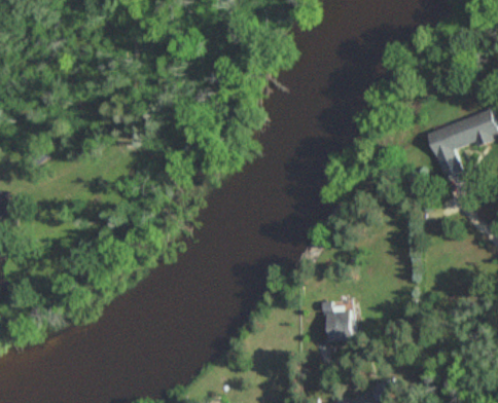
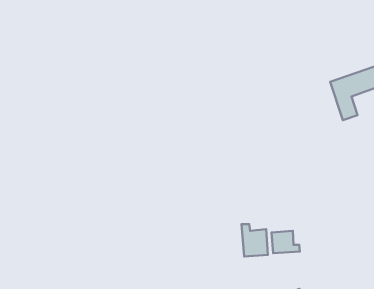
building: none -> [272,231,300,253]

